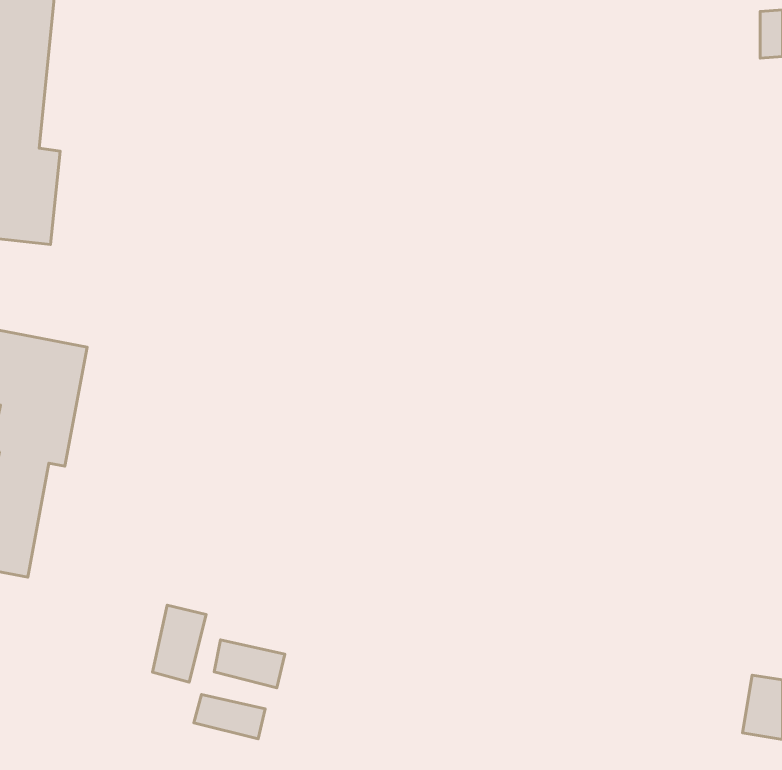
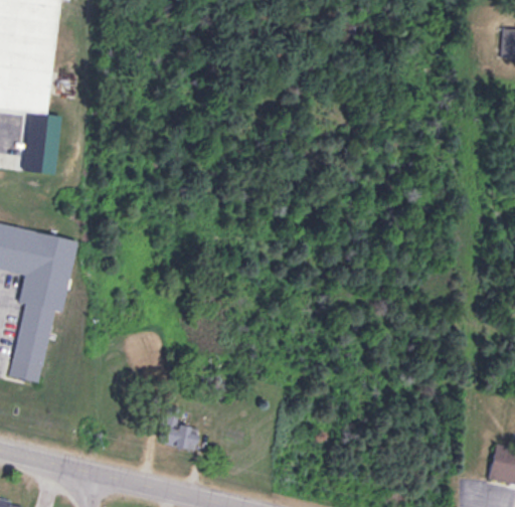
building: [152,605,206,682] -> none
building: [194,695,265,739] -> none

